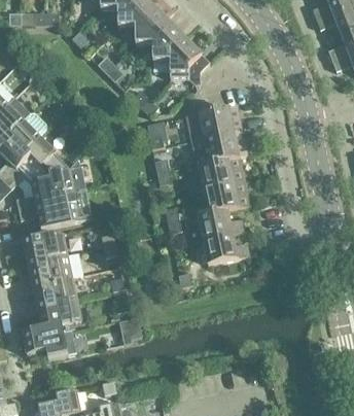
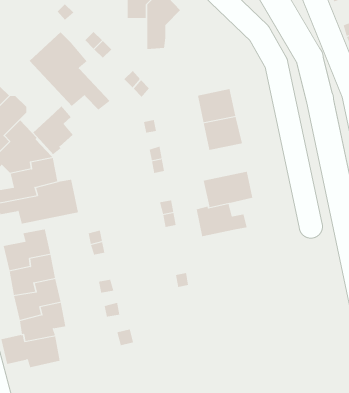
building: [169,37,209,84] -> none
building: none -> [29,32,110,111]
building: none -> [32,105,73,155]
building: [198,157,243,189] -> none
building: [202,234,248,264] -> none

